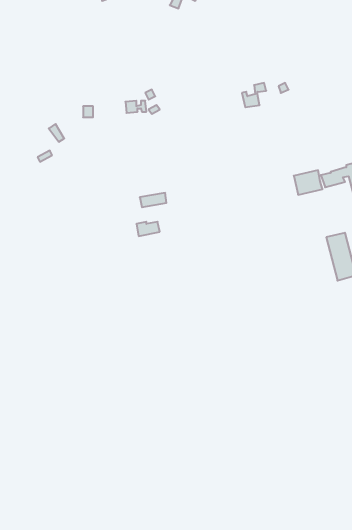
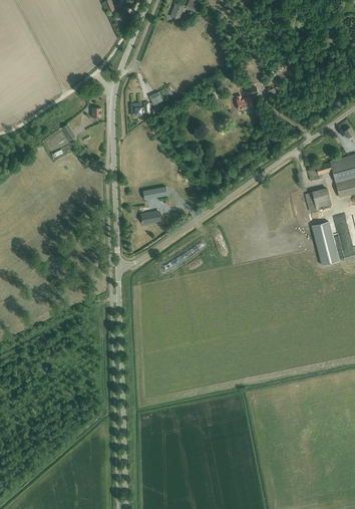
building: [294,170,323,195] -> [305,189,331,211]

